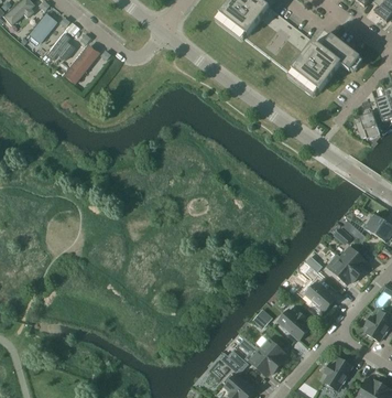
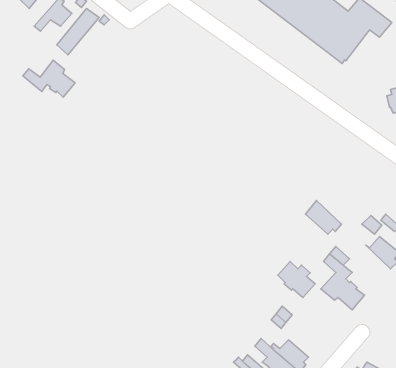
building: none -> [23,60,75,97]
building: [327,254,359,283] -> [305,200,342,234]
building: [277,308,311,340] -> [278,261,315,298]

